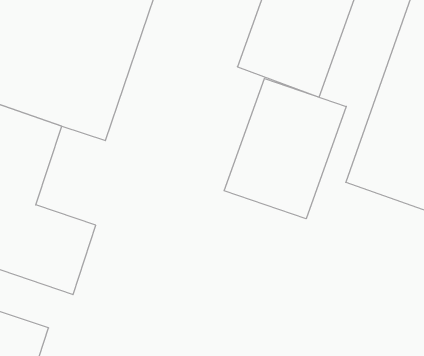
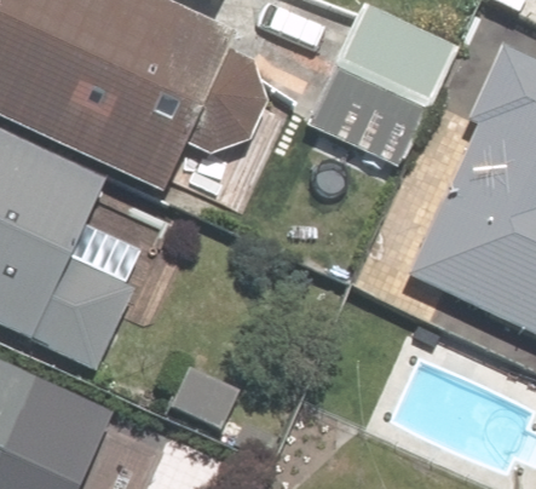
building: [224,78,346,219] -> none

